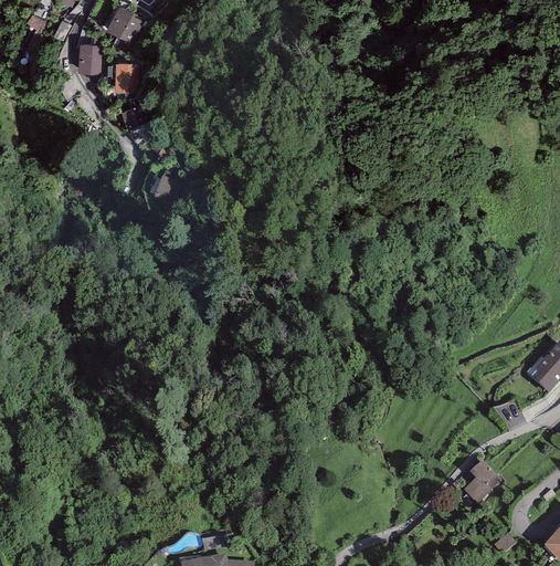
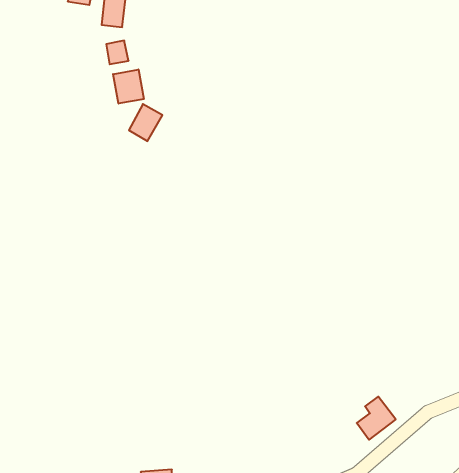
building: none -> [113,69,144,104]
building: [463,459,501,503] -> [357,397,396,440]

